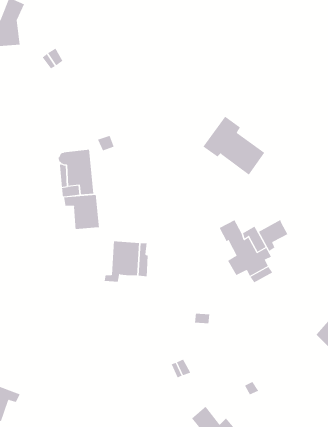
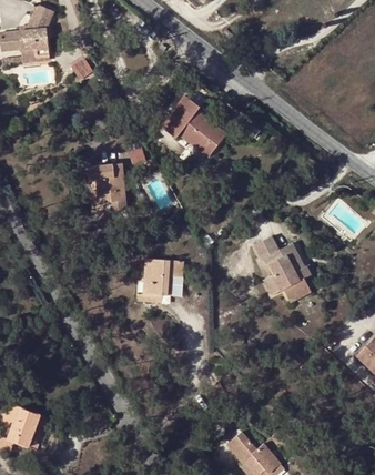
building: [202,116,265,175] -> [160,94,225,156]
building: [63,194,99,230] -> none
building: [258,219,288,252] -> none

